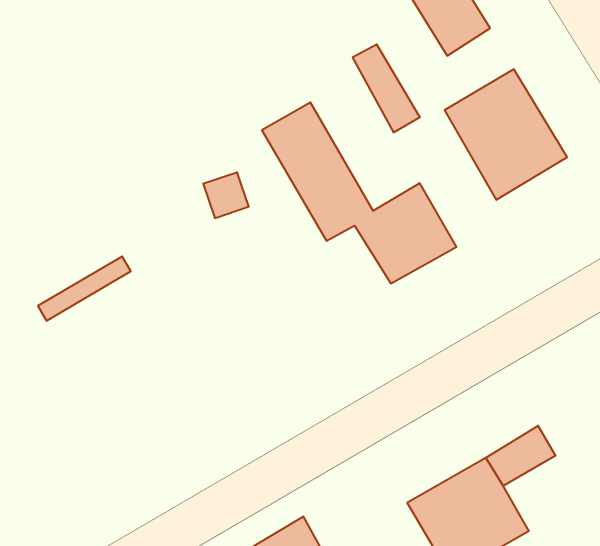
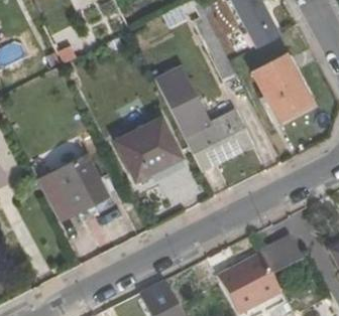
building: none -> [113,117,184,183]
building: none -> [36,154,108,221]

